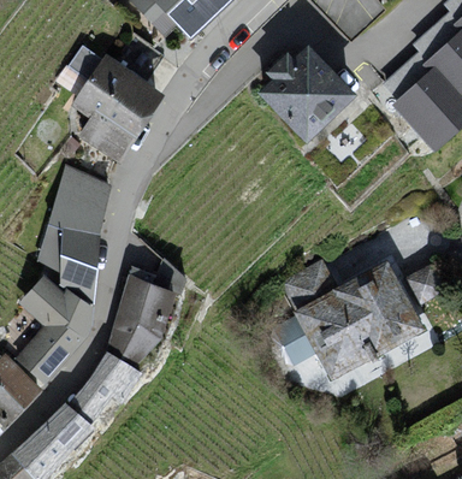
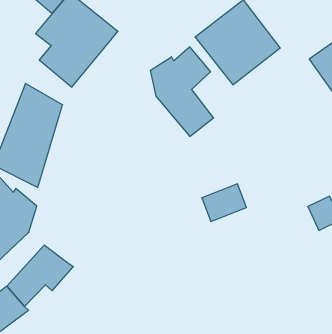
building: none -> [151,47,214,136]
building: [272,266,426,383] -> none
building: [106,273,176,367] -> none

